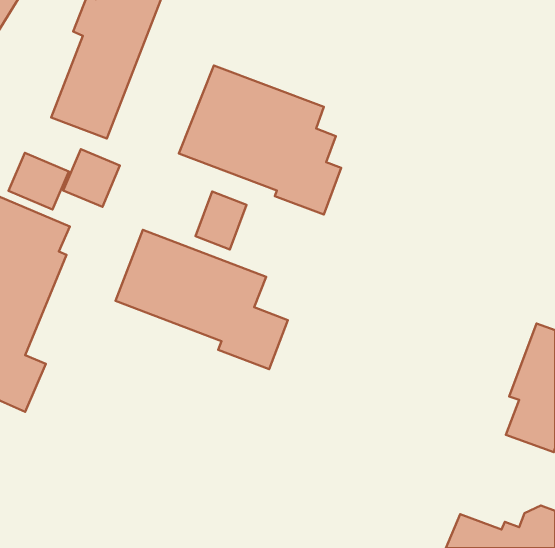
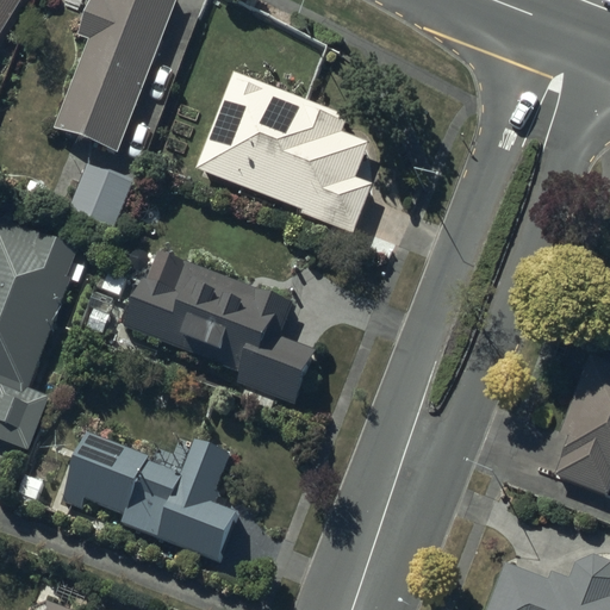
building: [9,153,69,209] -> none
building: [195,192,247,249] -> none
building: none -> [64,429,237,555]

